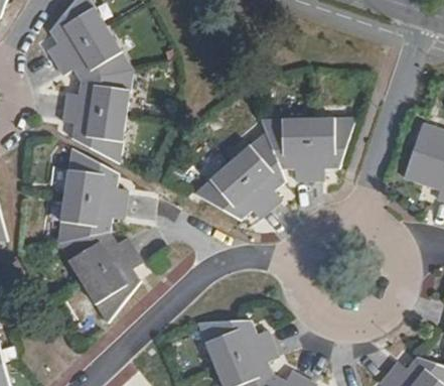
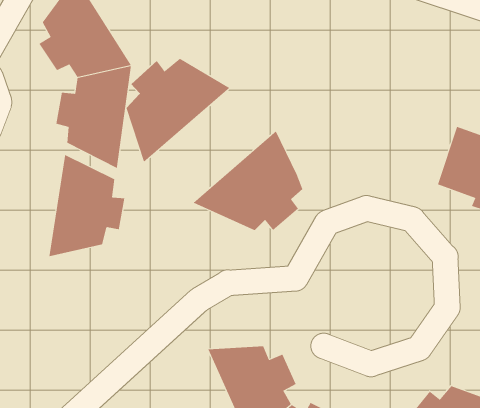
building: none -> [126,58,230,163]
building: [258,121,351,180] -> none
building: [57,231,138,323] -> none

